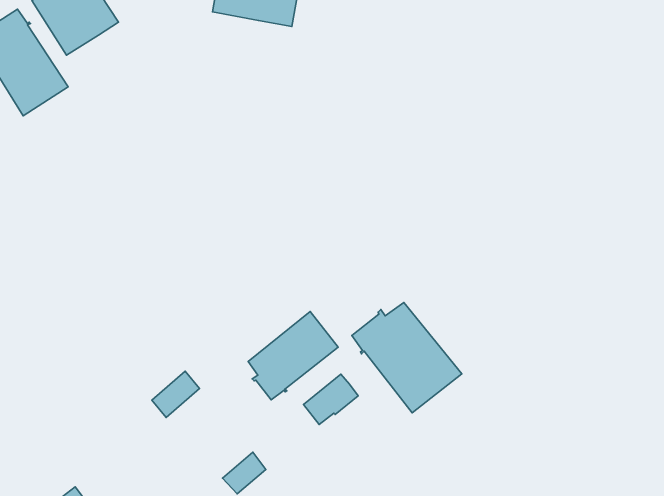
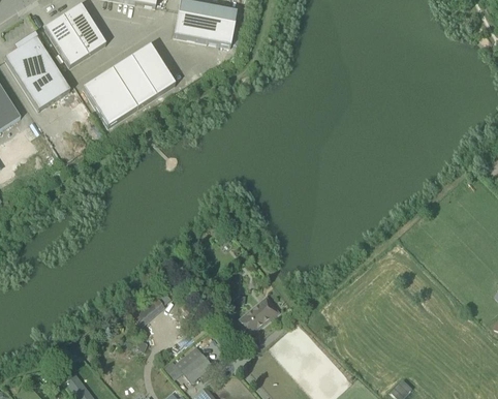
building: none -> [84,42,176,125]
building: [352,302,462,413] -> none
building: [248,311,338,400] -> none

